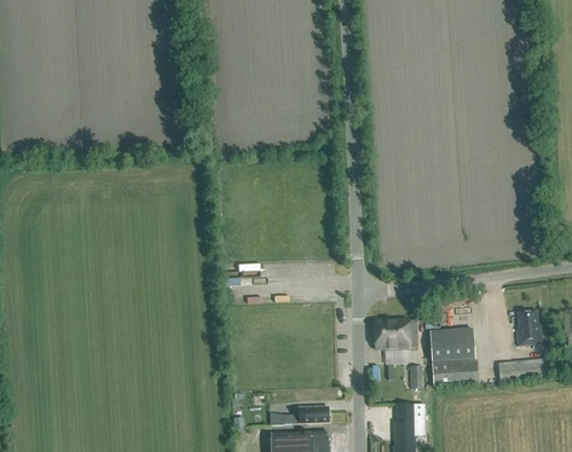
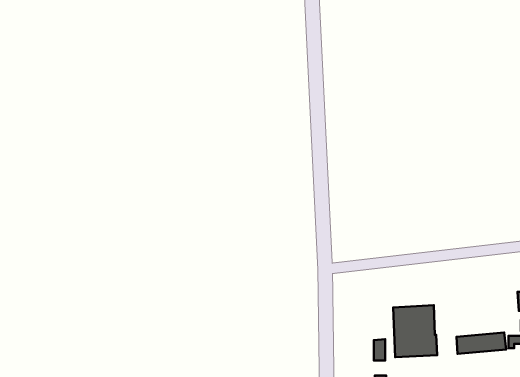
building: [516,311,542,346] -> none
building: [374,319,417,348] -> none

